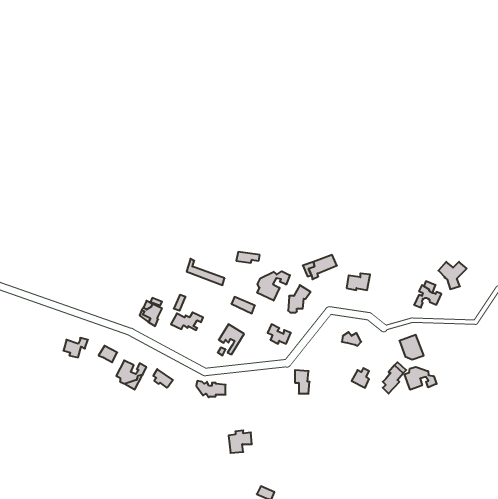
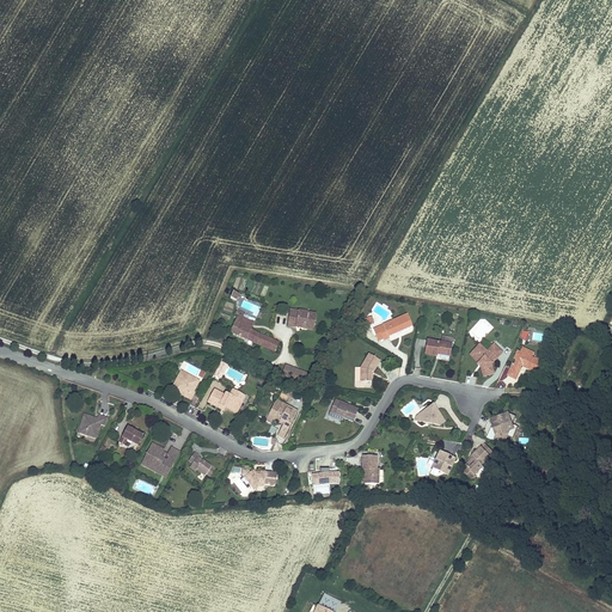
building: [438,262,467,289] -> [469,342,503,375]
building: [257,271,290,301] -> none
building: [404,367,437,390] -> none
building: [229,430,252,453] -> [311,467,339,495]

